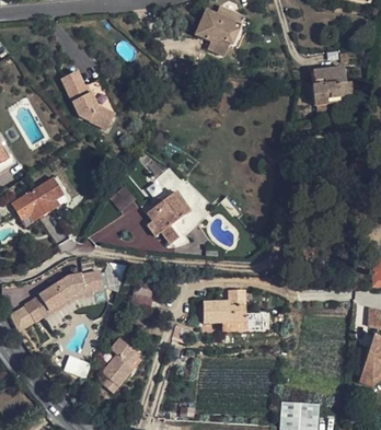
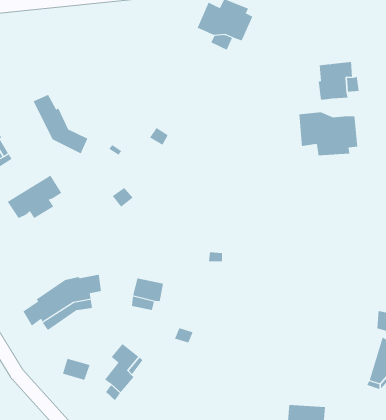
building: [60,71,114,129] -> [33,94,88,154]
building: none -> [299,111,358,156]
building: [147,191,189,246] -> none
building: [203,289,262,329] -> none

